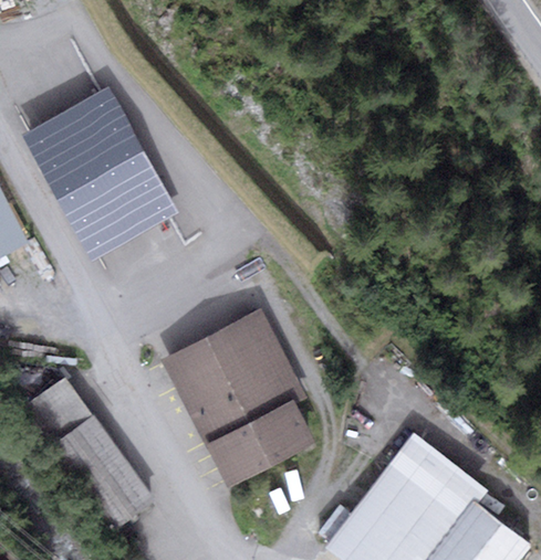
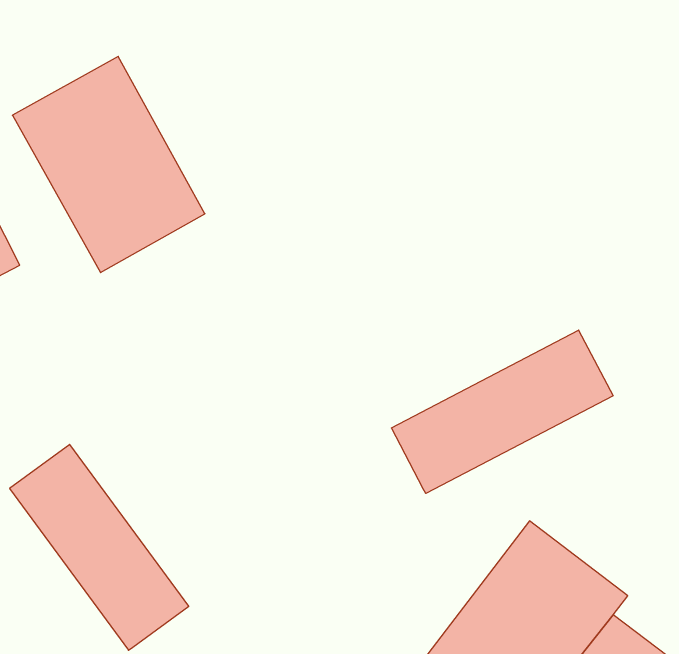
building: none -> [391,330,613,493]
building: [162,310,325,488] -> none

